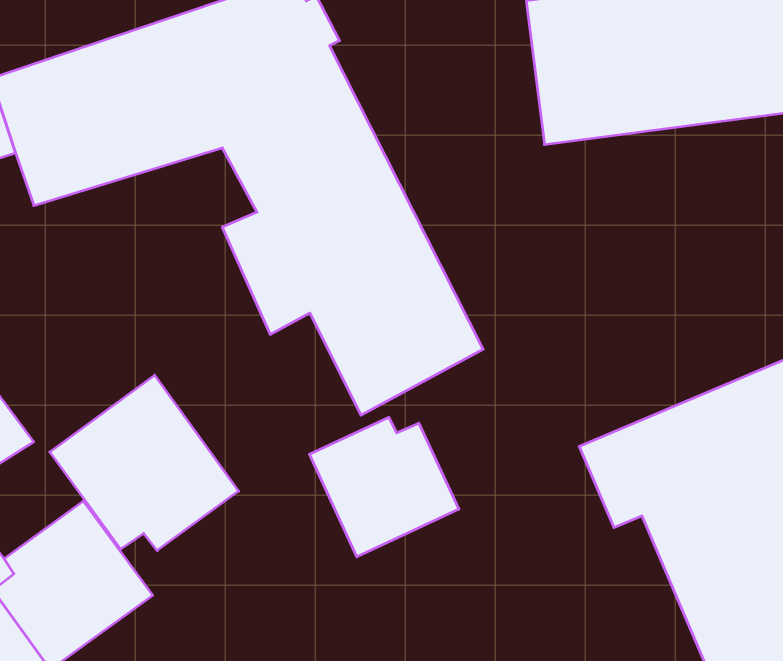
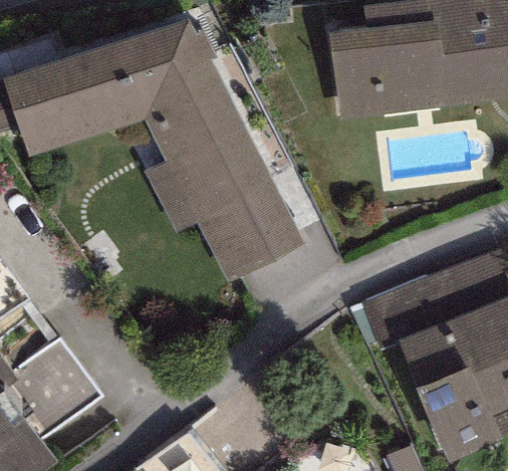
building: [50,375,239,551] -> none
building: [310,417,459,557] -> none

